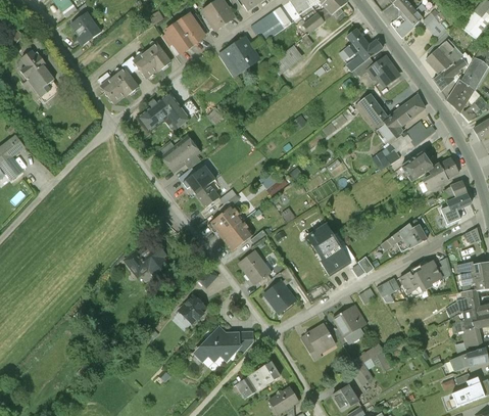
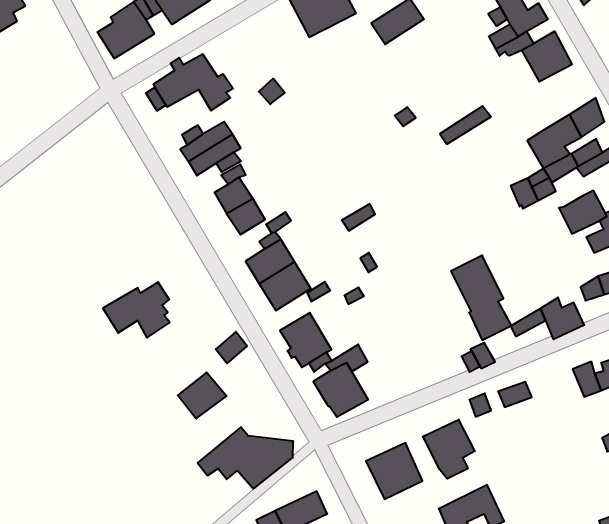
building: [358,93,389,126] -> none
building: [307,223,349,276] -> [451,255,512,340]
building: [398,265,432,293] -> none

